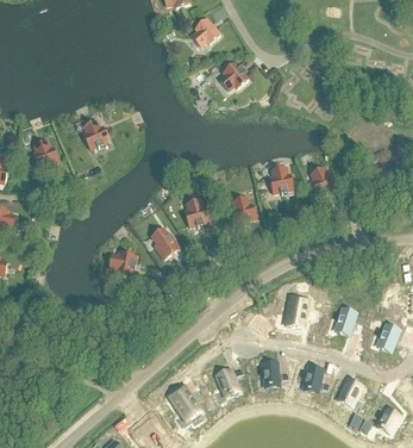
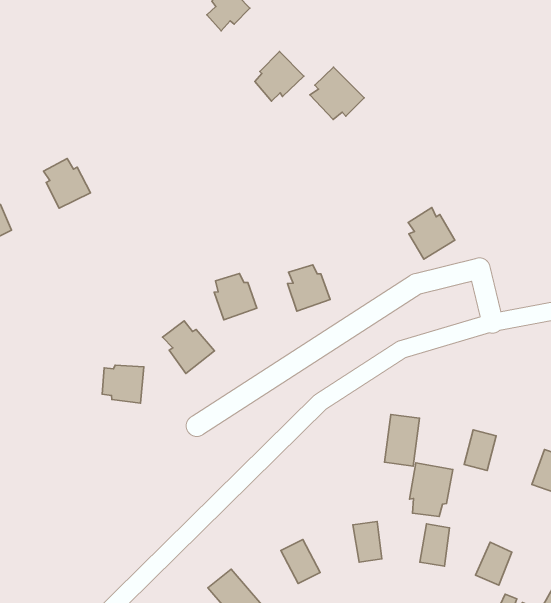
building: none -> [310,67,364,120]
building: [270,166,295,193] -> none
building: none -> [410,463,453,516]

